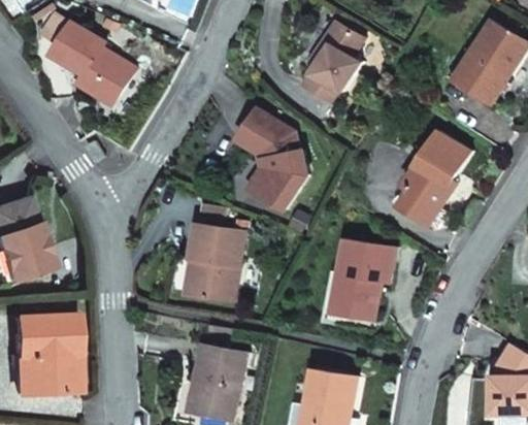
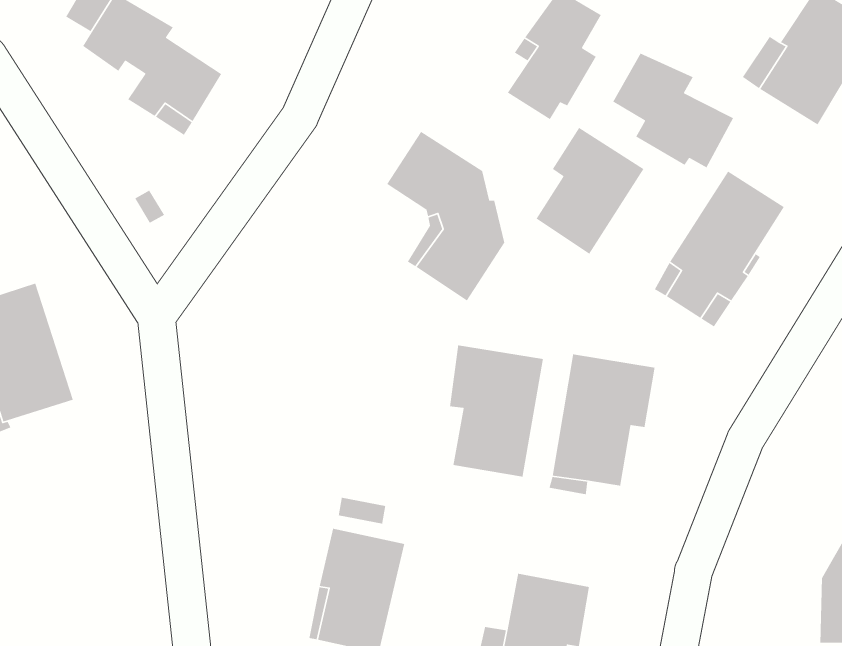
building: none -> [612,53,734,169]
building: none -> [535,127,645,255]
building: [189,222,245,301] -> [449,345,544,478]
building: [11,317,74,394] -> none

